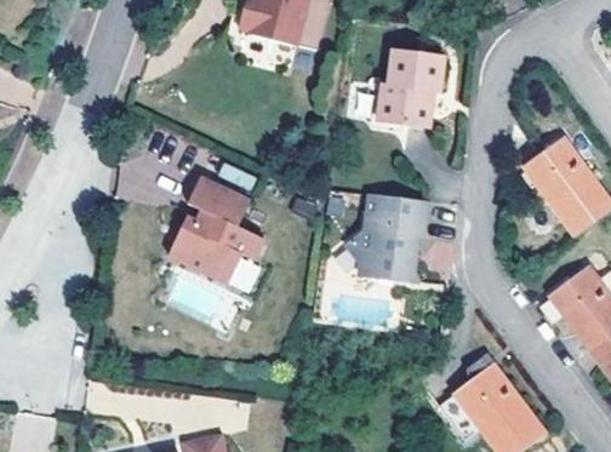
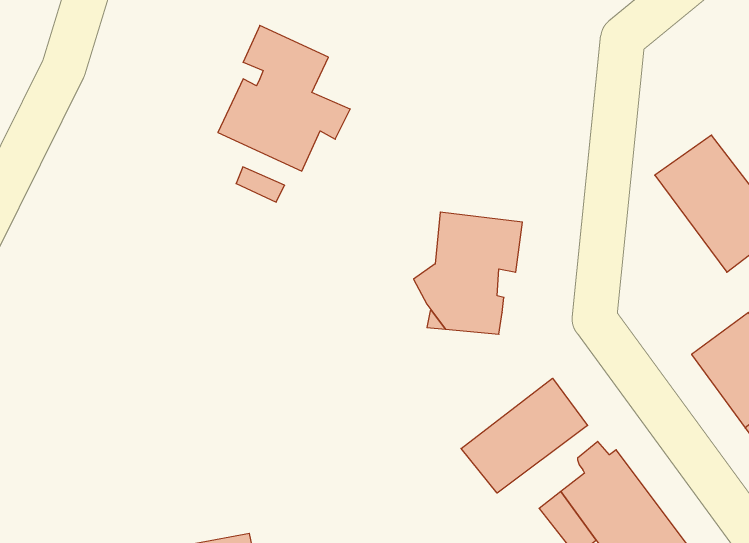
building: [373,50,440,127] -> none
building: [173,170,269,275] -> [218,25,350,171]
building: none -> [461,378,588,493]

